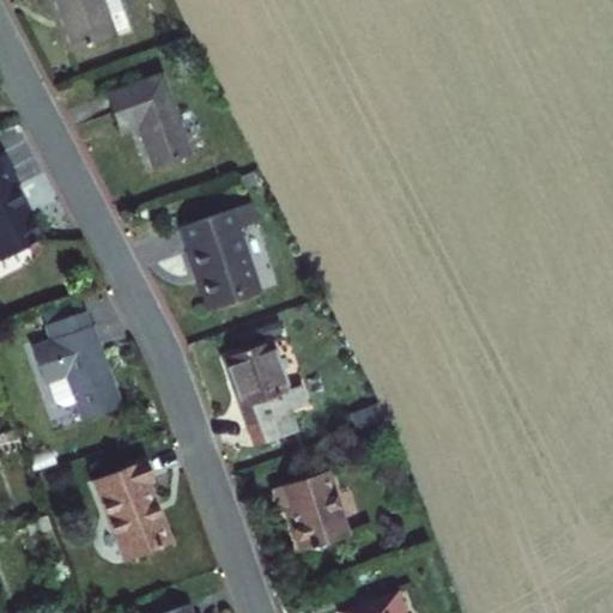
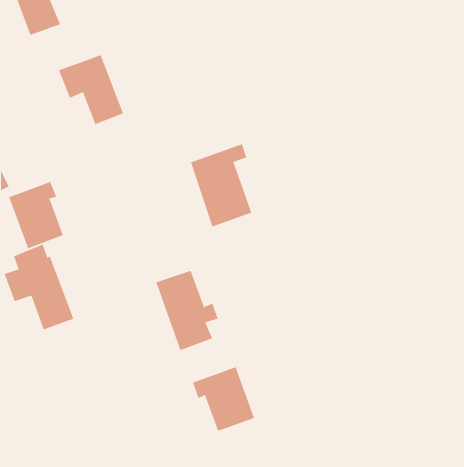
building: [170,201,249,308] -> [190,144,252,227]
building: none -> [8,181,63,249]
building: [86,460,163,558] -> none

